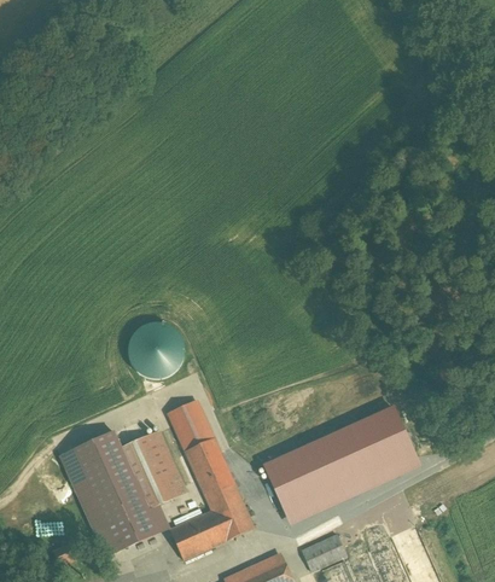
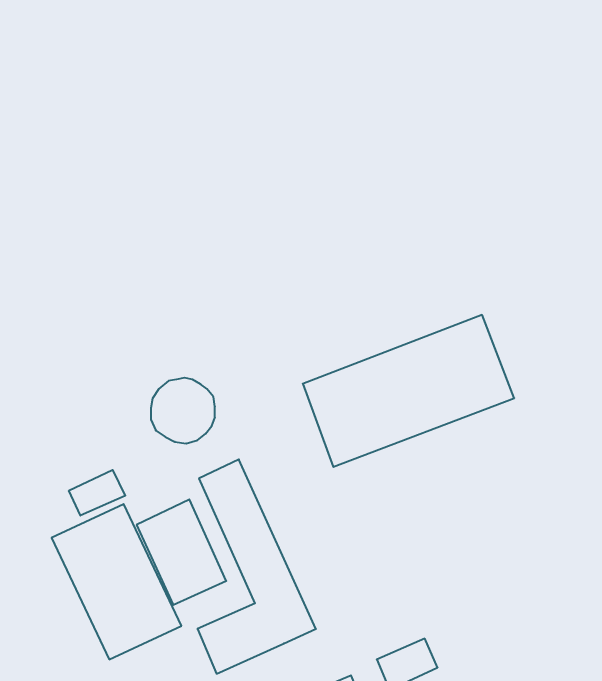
building: none -> [69,470,125,516]
building: [256,414,415,529] -> [303,315,514,467]

